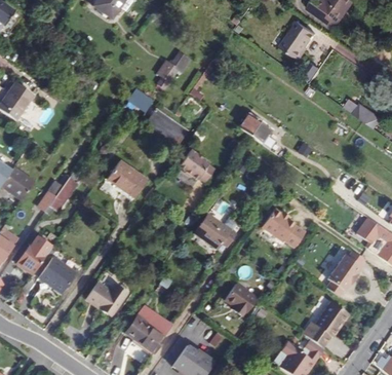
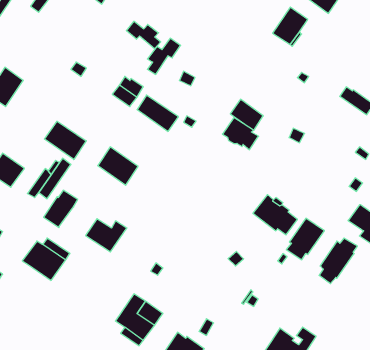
building: none -> [126,21,161,49]
building: none -> [44,121,86,160]
building: [178,150,213,182] -> [222,118,259,150]
building: [193,214,233,249] -> none
building: [16,237,50,274] -> [44,190,78,228]
building: [85,284,126,316] -> [86,219,127,252]
building: [224,284,257,317] -> none
building: [311,301,349,342] -> [286,218,324,260]

